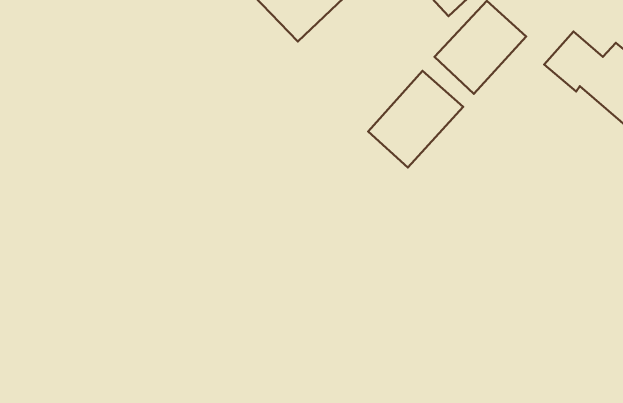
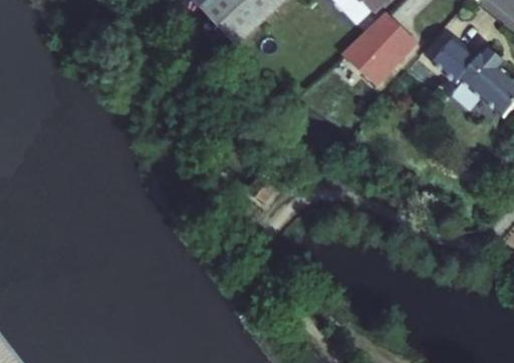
building: [368,71,463,168] -> none

